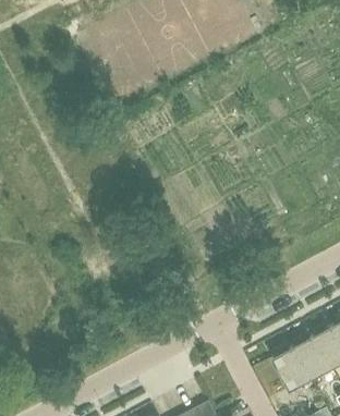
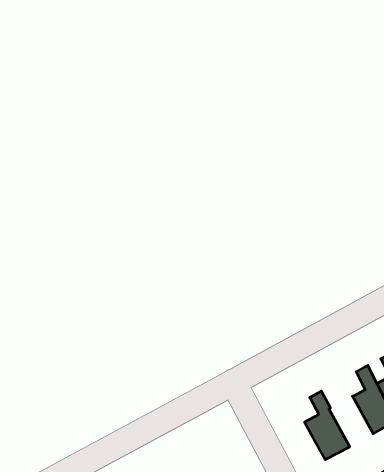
building: [293,320,330,378] -> none

